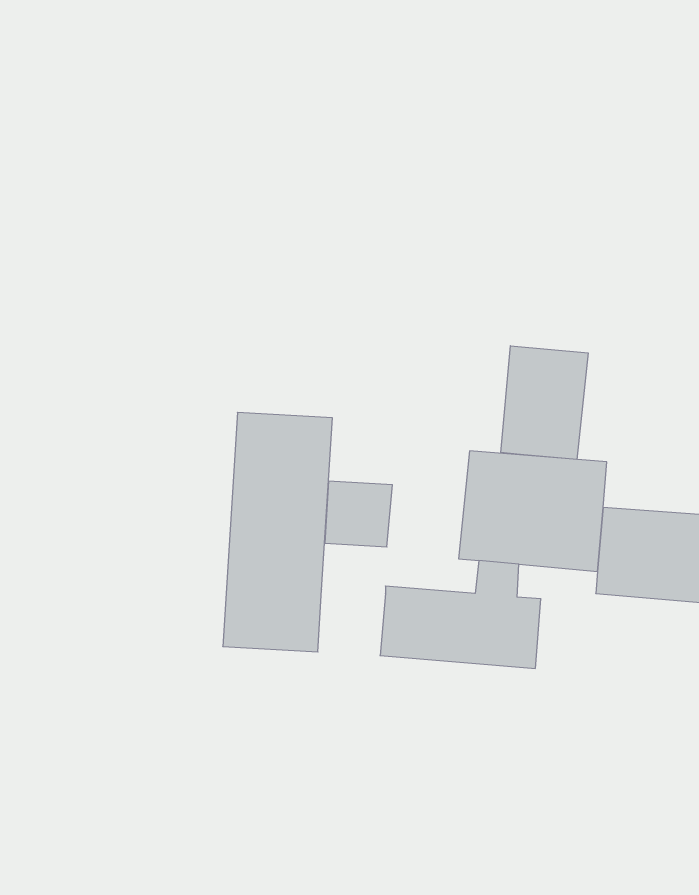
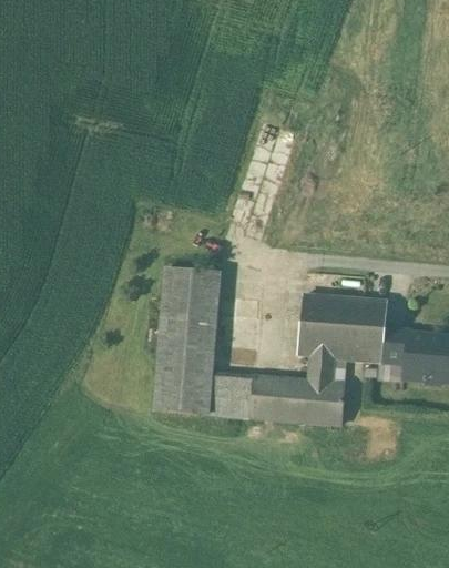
building: [501,346,588,459] -> none
building: [325,481,392,547] -> [212,376,253,416]

